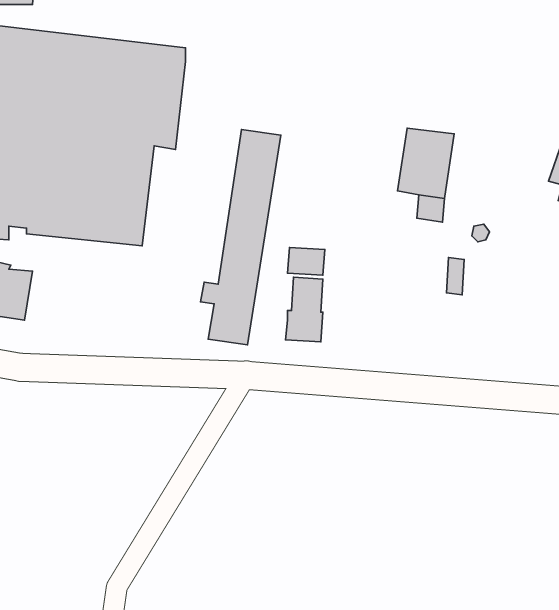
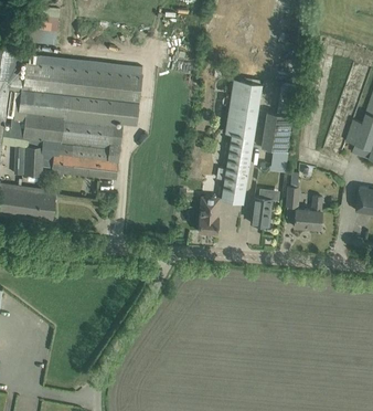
building: [200,129,281,345] -> [215,81,260,202]
building: none -> [294,196,321,230]
building: none -> [249,197,270,225]

